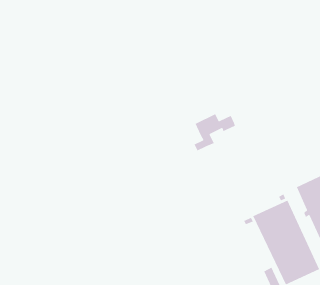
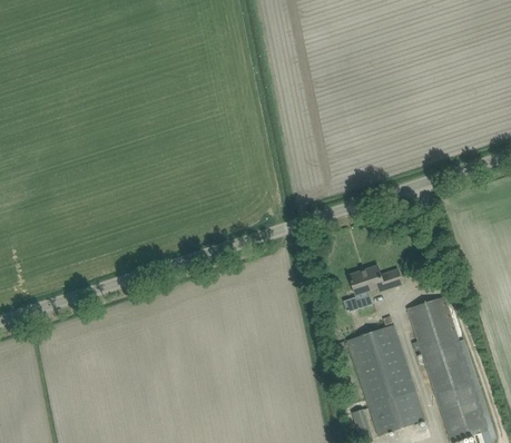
building: [194,113,236,152] -> [344,264,402,311]

